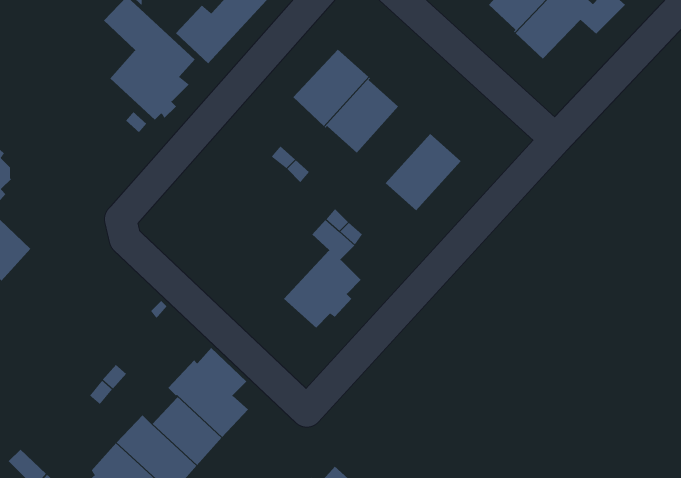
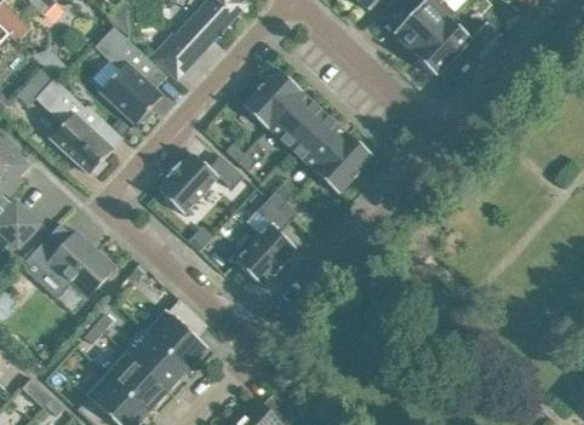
building: none -> [35,77,111,174]
building: none -> [291,113,348,172]
building: none -> [158,153,242,214]
building: none -> [19,223,115,299]

